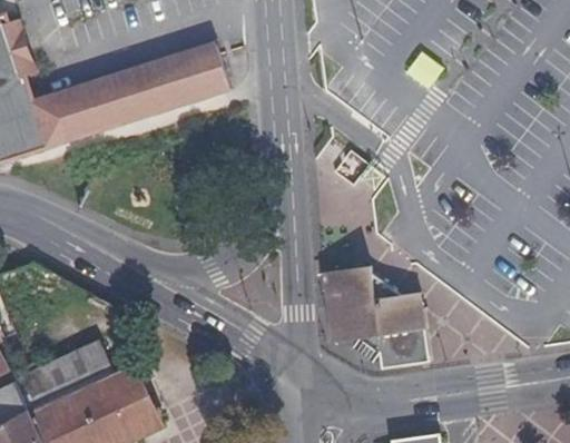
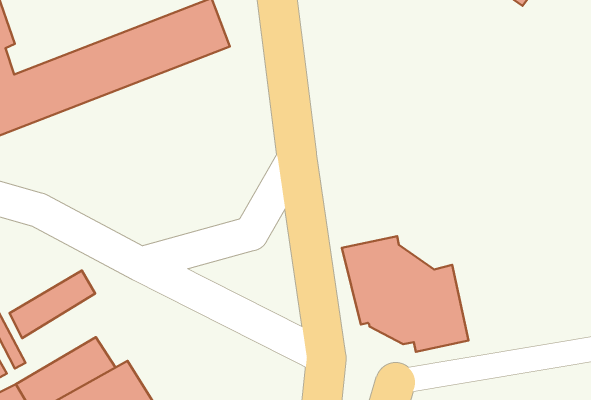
building: none -> [9,270,95,338]

